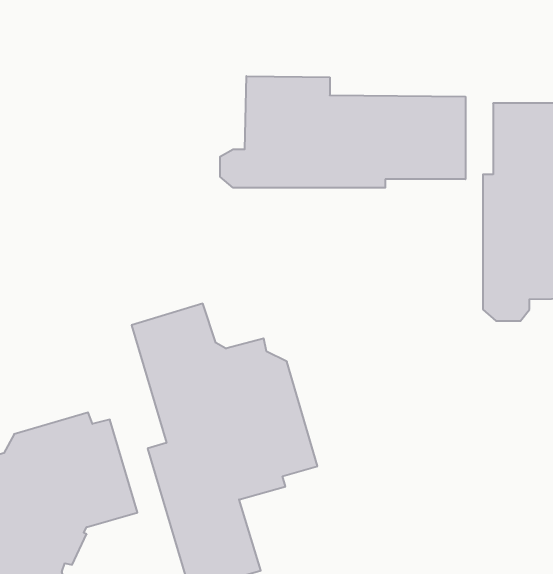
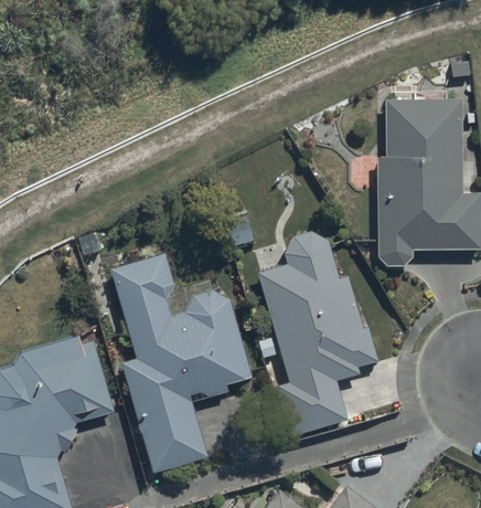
building: [220,76,465,188] -> none
building: none -> [258,232,377,436]

